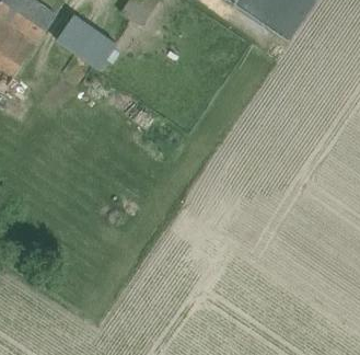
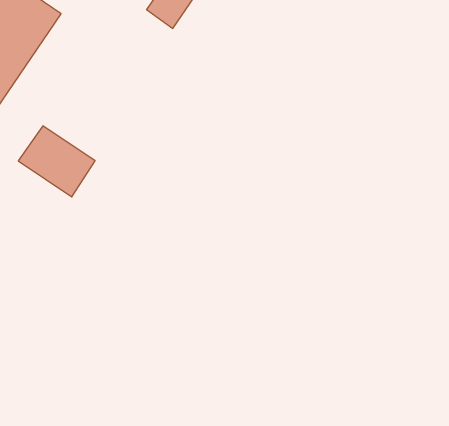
building: [58,14,116,68] -> [18,126,95,197]

